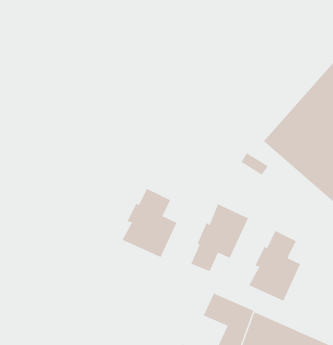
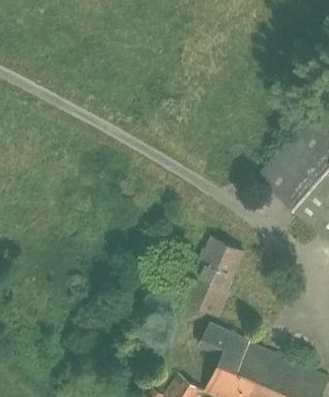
building: [122,188,177,258] -> none
building: [249,230,301,301] -> none

